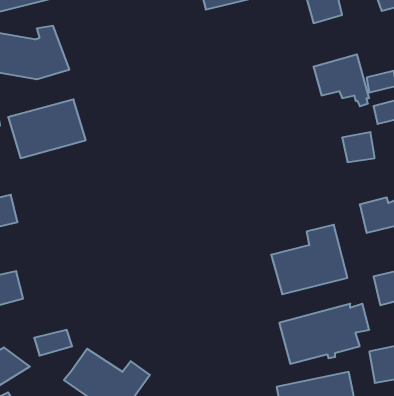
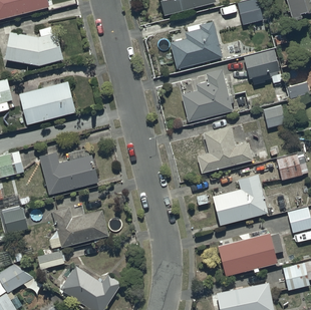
building: none -> [170,20,222,68]
building: none -> [181,69,236,121]
building: none -> [197,125,253,173]
building: none -> [39,148,98,196]
building: none -> [49,207,109,248]

